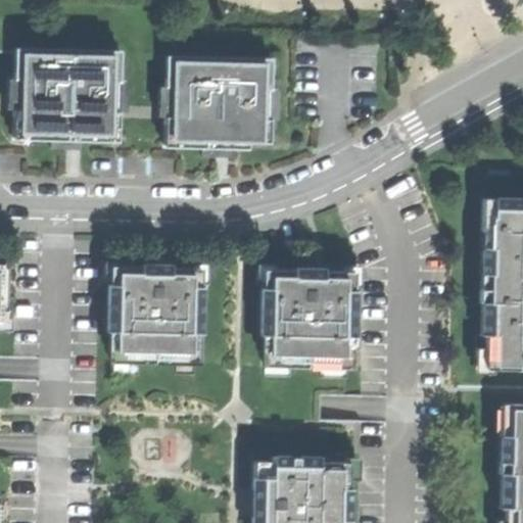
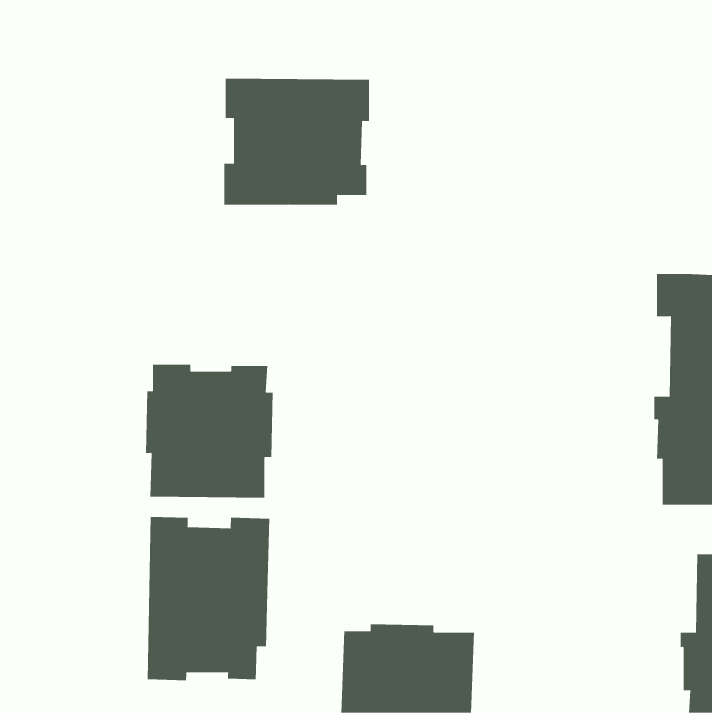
building: [12,48,118,143] -> none
building: [260,270,353,369] -> none
building: none -> [147,516,270,681]

